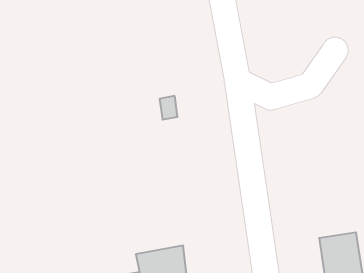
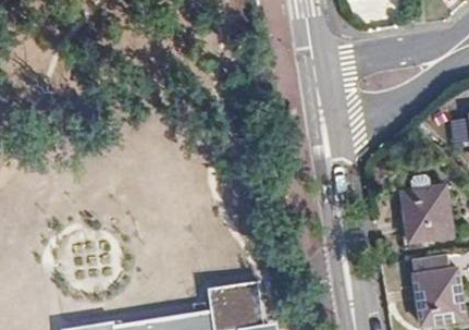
building: none -> [402,185,452,241]

